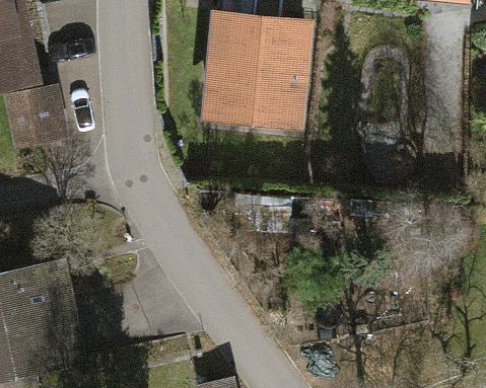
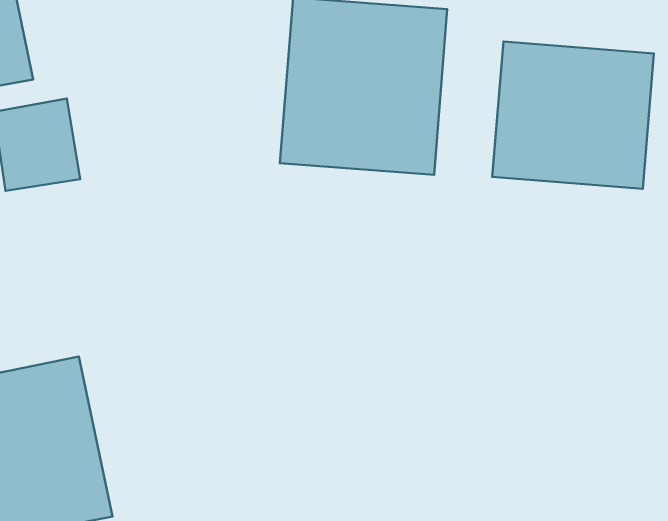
building: none -> [492,42,654,189]

